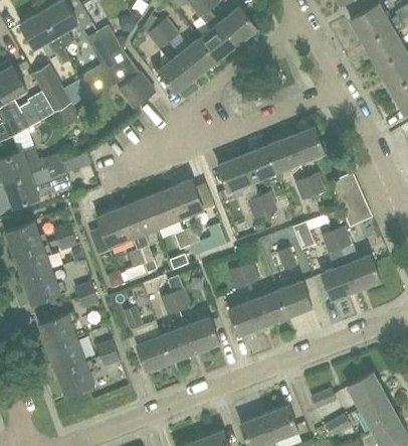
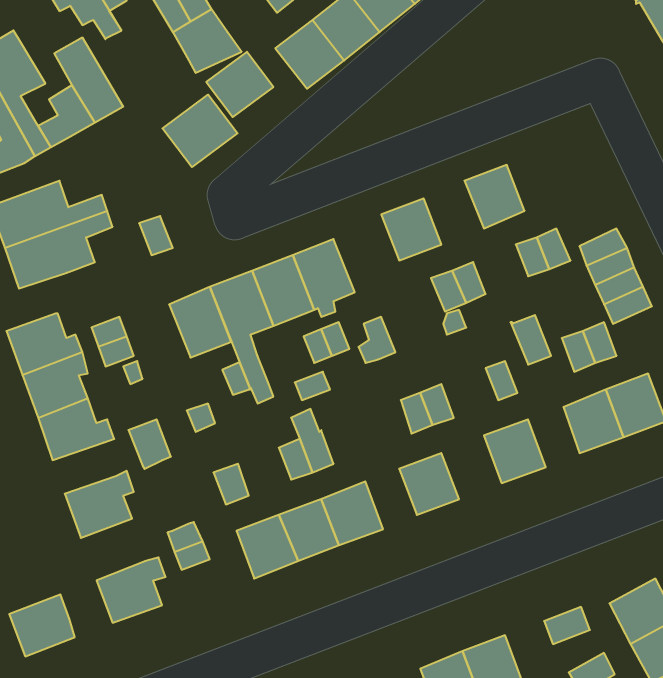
building: none -> [162,95,238,167]
building: [289,127,324,163] -> none
building: [242,146,276,182] -> none
building: [252,291,286,327] -> none
building: [47,338,84,374] -> [9,595,75,656]

